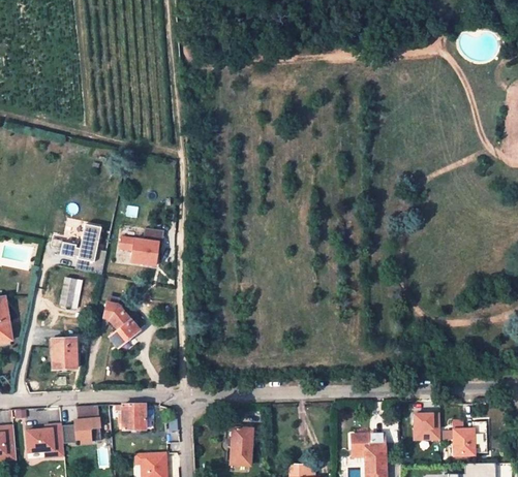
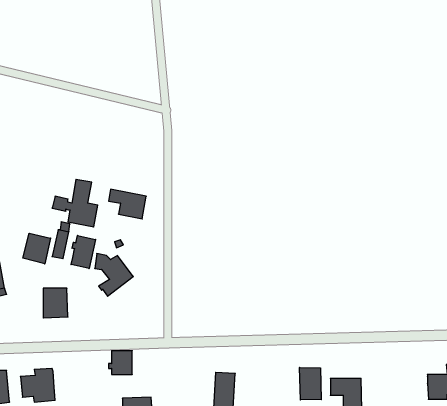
building: none -> [23,233,51,264]
building: none -> [71,235,96,269]
building: [62,405,100,442] -> none
building: [414,413,439,440] -> none
building: none -> [300,367,321,400]

